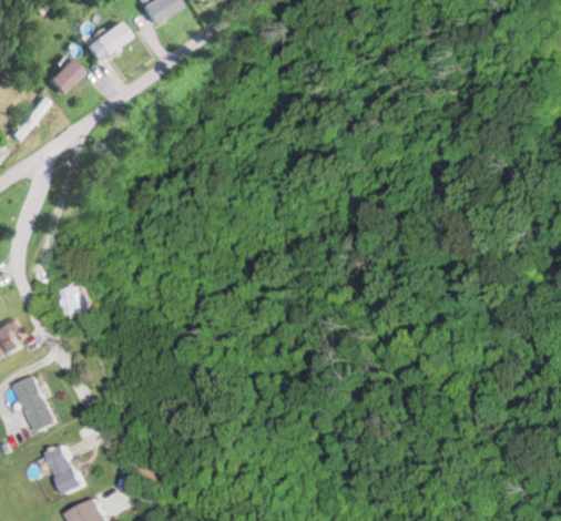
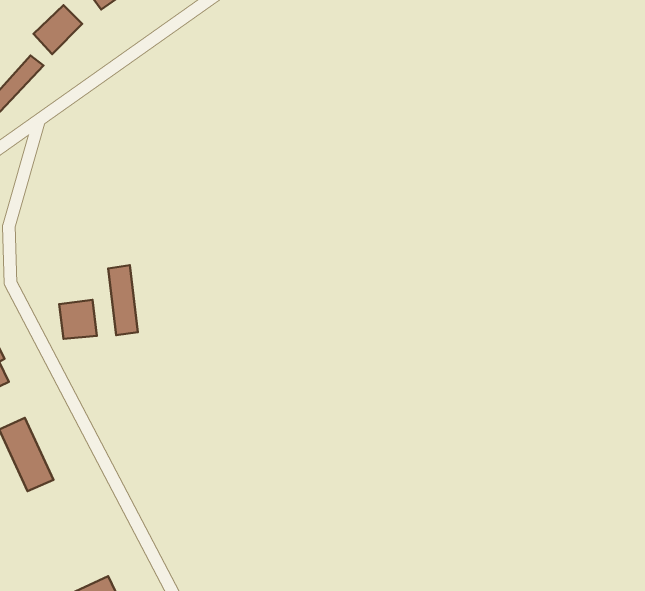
building: none -> [108,265,138,335]
building: [48,446,81,497] -> none

